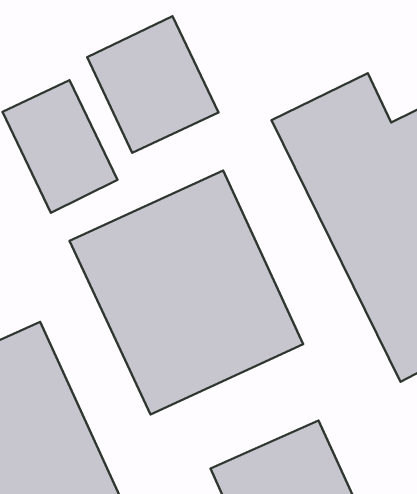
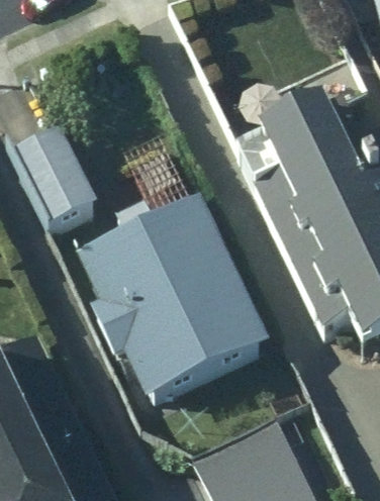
building: [87,16,218,153] -> none

